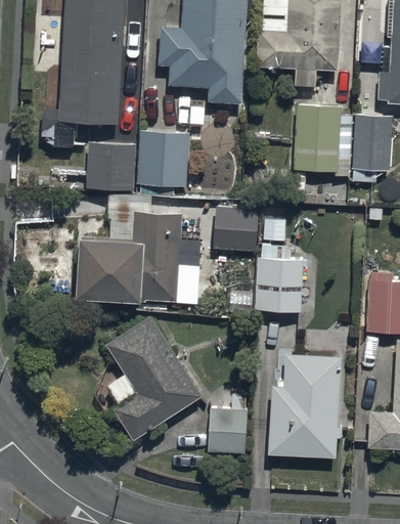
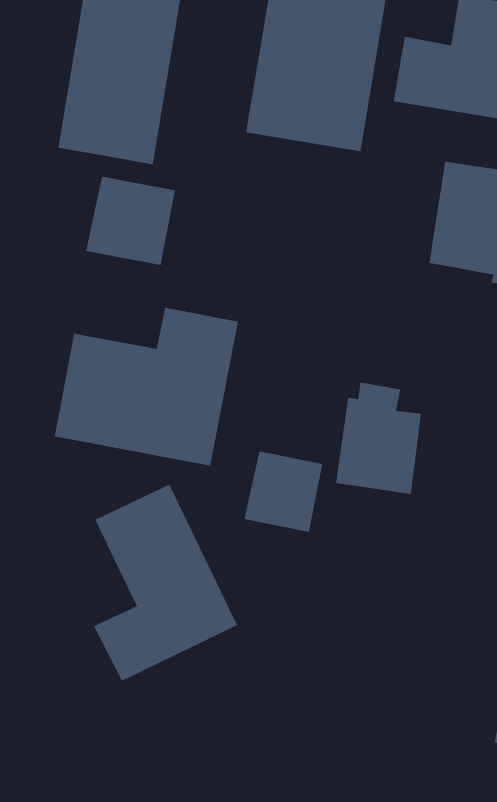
building: [135,126,187,193] -> none
building: [211,206,255,252] -> [244,450,323,533]
building: [270,352,344,460] -> none
building: [206,403,246,449] -> none

